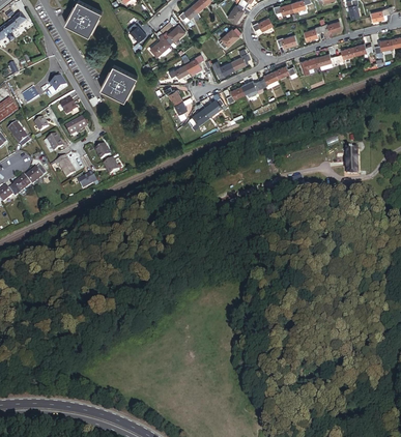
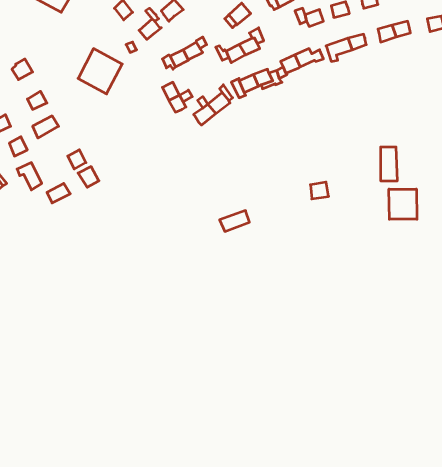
building: none -> [389,189,417,219]

